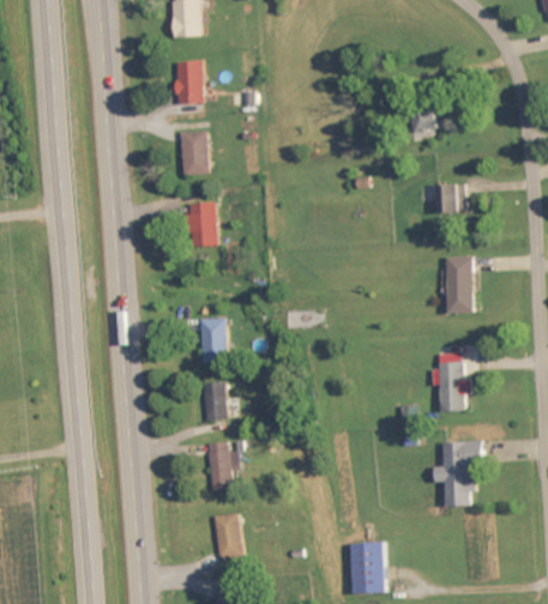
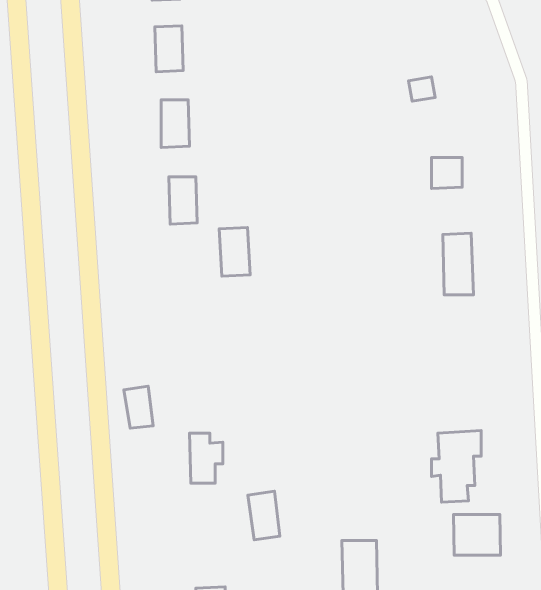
building: [197,318,225,363] -> [219,228,250,276]
building: [436,352,464,411] -> none
building: [199,381,227,421] -> [124,386,153,428]
building: [215,513,245,558] -> [248,491,280,540]
building: none -> [454,515,501,555]

